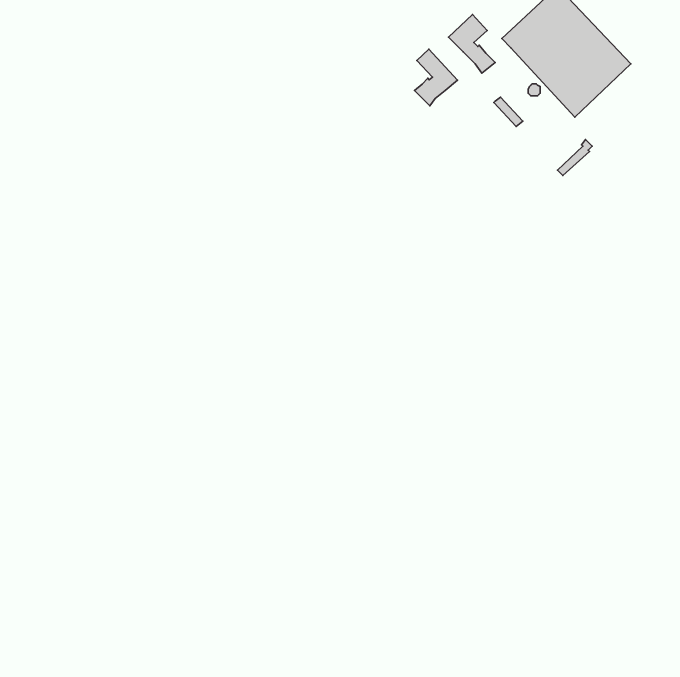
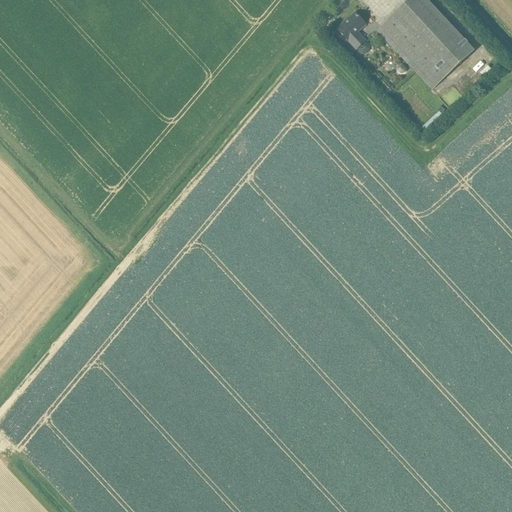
building: [414,49,458,106] -> none

